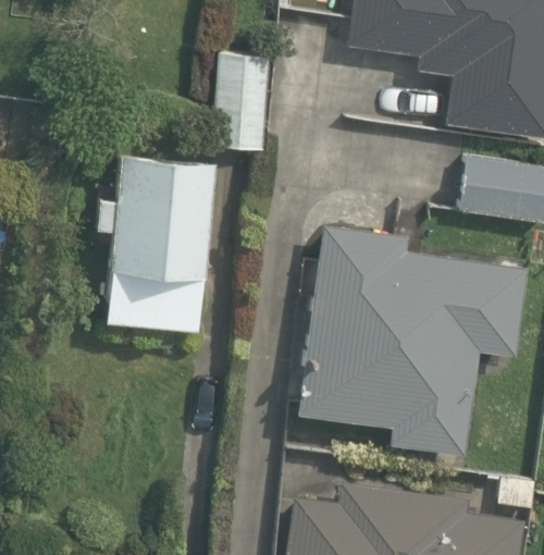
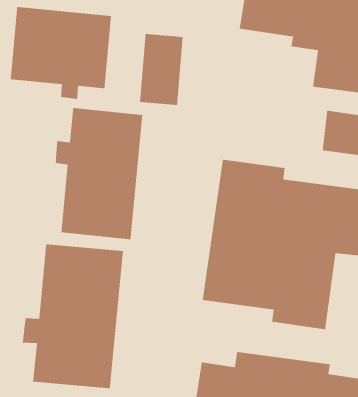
building: none -> [10,6,112,100]
building: none -> [22,244,124,389]

